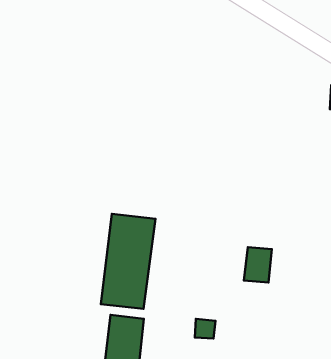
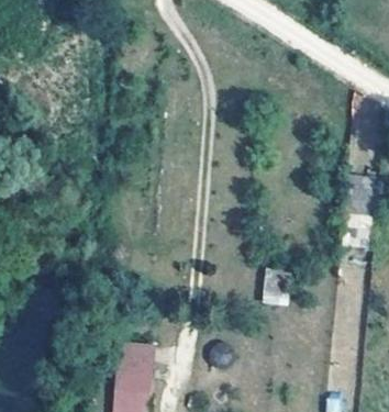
building: [101,214,155,309] -> none

